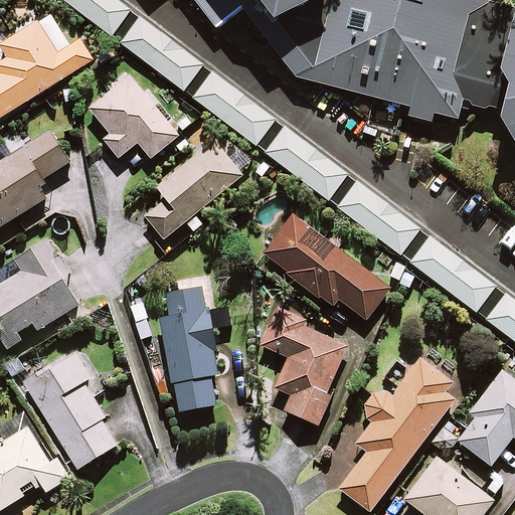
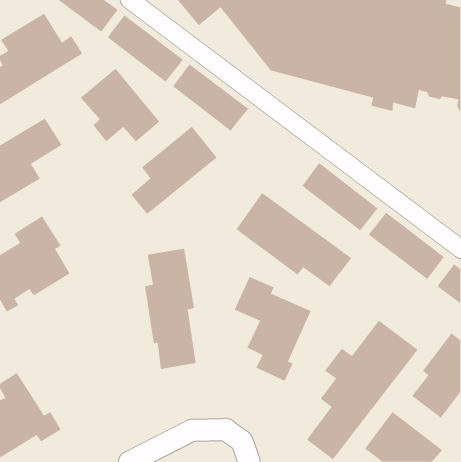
building: [263,124,347,199] -> none
building: [25,352,116,468] -> none

